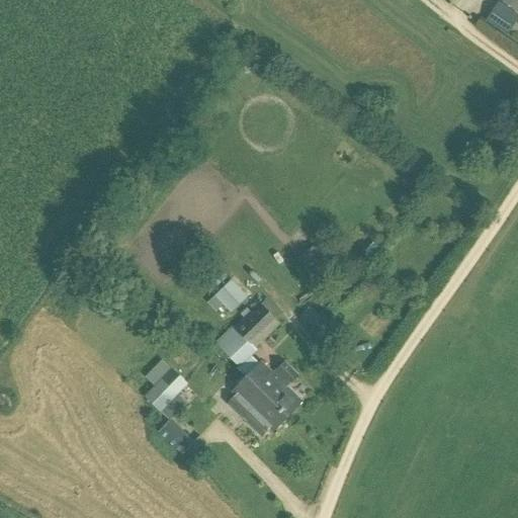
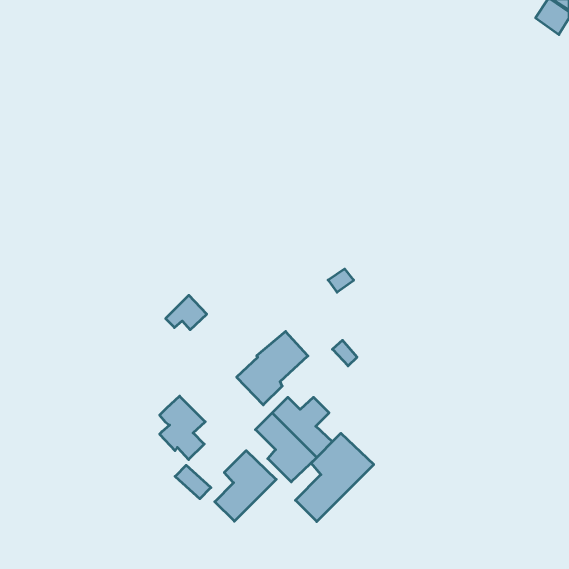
building: [207,280,245,312] -> [166,295,207,330]
building: none -> [295,433,374,522]
building: none -> [215,451,276,521]

